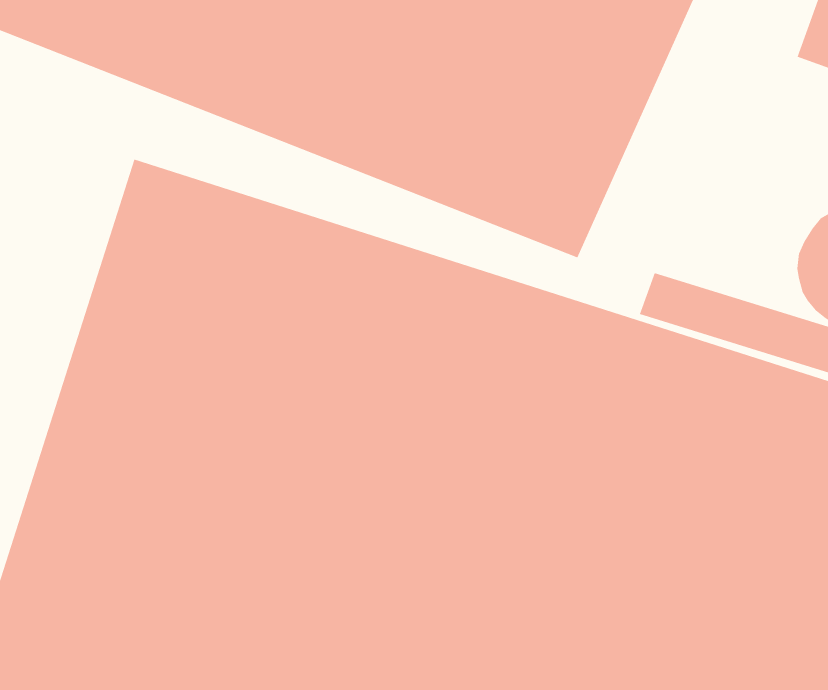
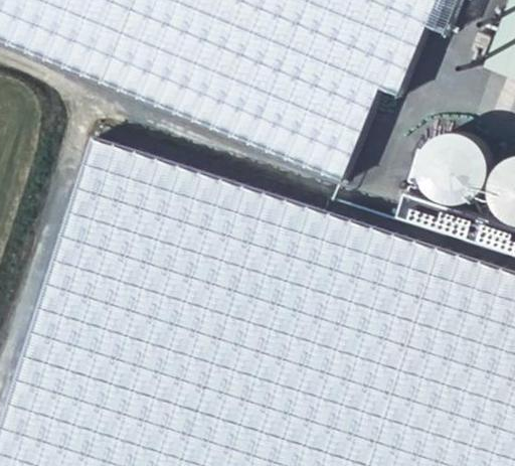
building: none -> [416,128,490,201]

